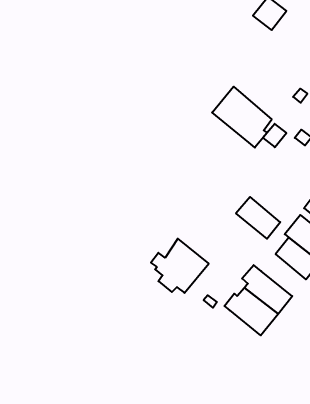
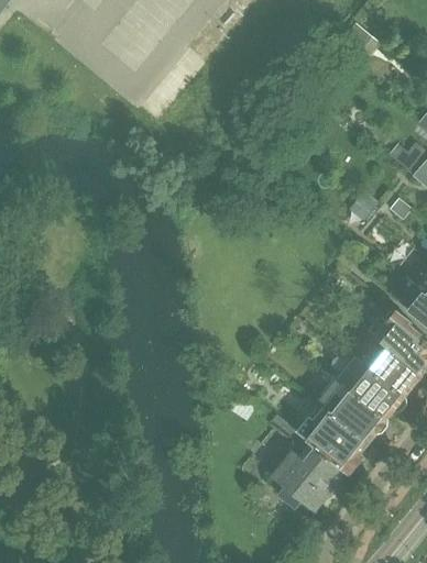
building: [212,87,272,148] -> none
building: [236,197,280,239] -> [344,360,403,415]
building: [151,239,209,293] -> [267,433,343,505]

